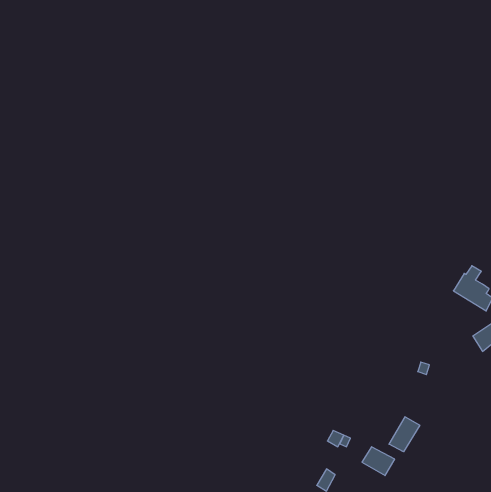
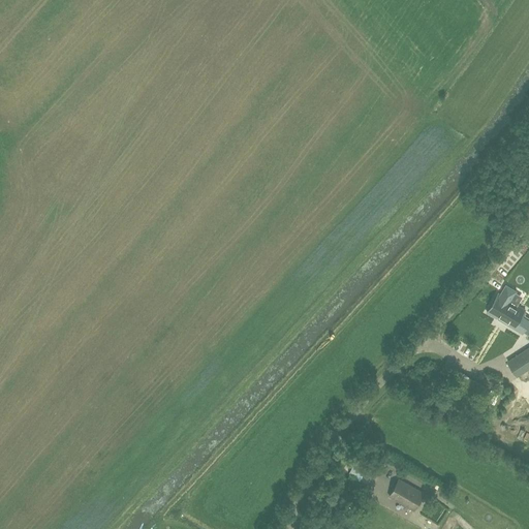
building: [389,417,420,452] -> none

